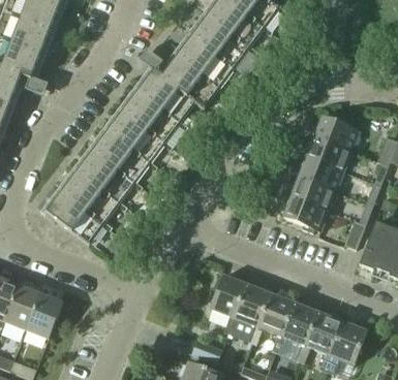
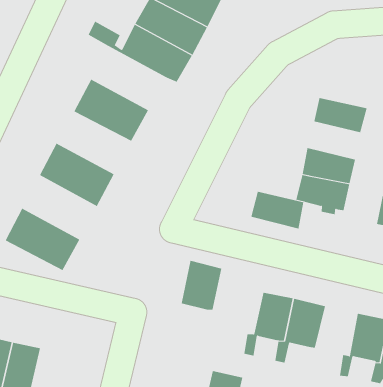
building: [135,70,195,126] -> none
building: [314,116,359,151] -> none
building: [100,118,160,172] -> none
building: [299,155,343,190] -> [251,191,304,229]
building: [65,164,125,220] -> none
building: [209,274,246,316] -> [181,260,222,310]
building: [271,303,318,352] -> none

